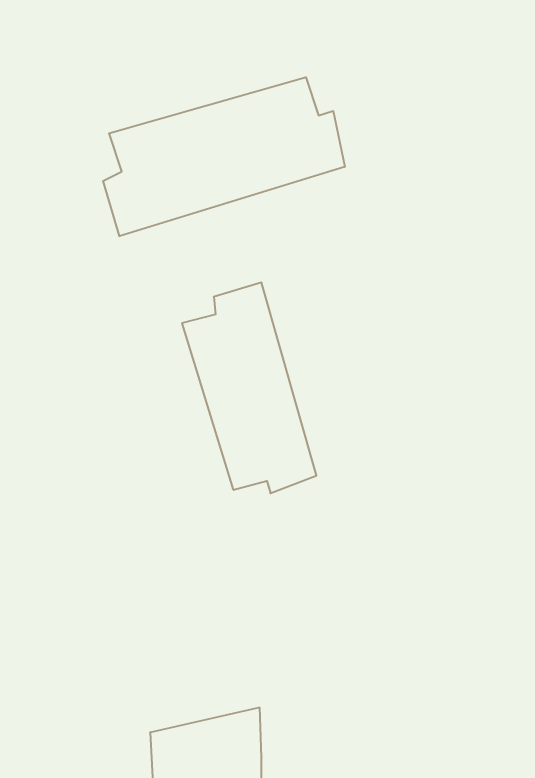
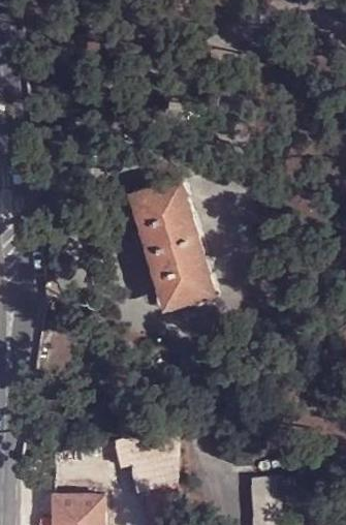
building: [103,77,345,236] -> none

